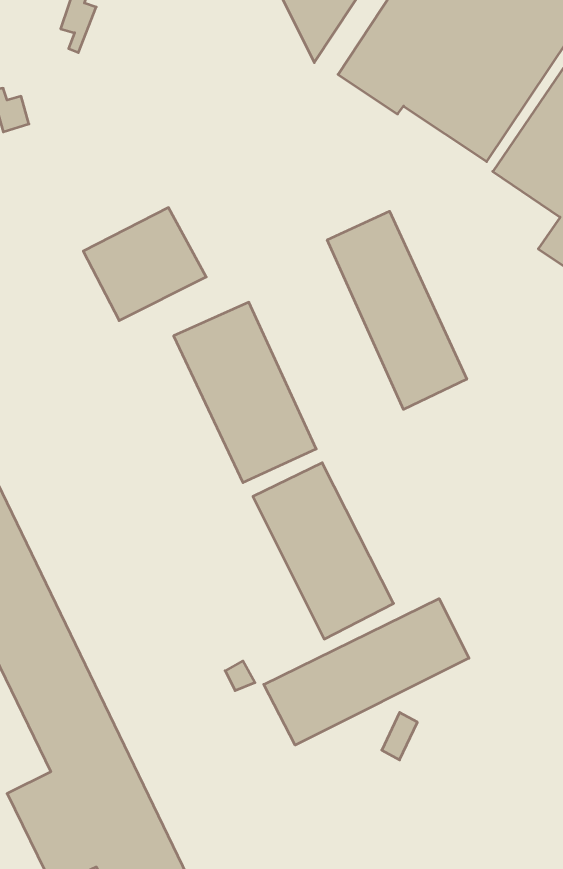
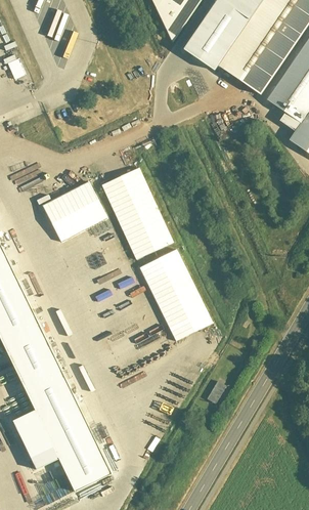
building: [83,208,206,321] -> [43,182,106,241]
building: [327,211,467,409] -> none
building: [264,599,469,745] -> none

